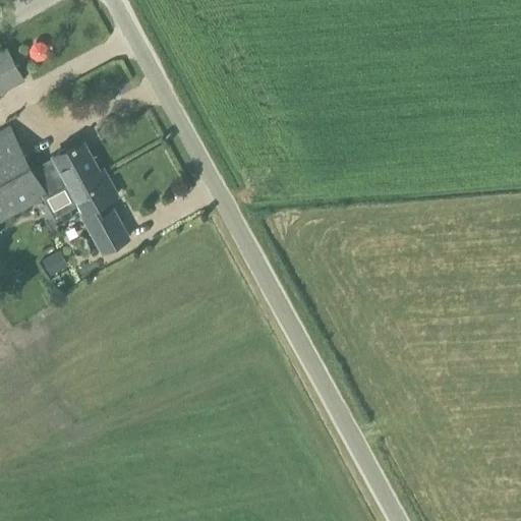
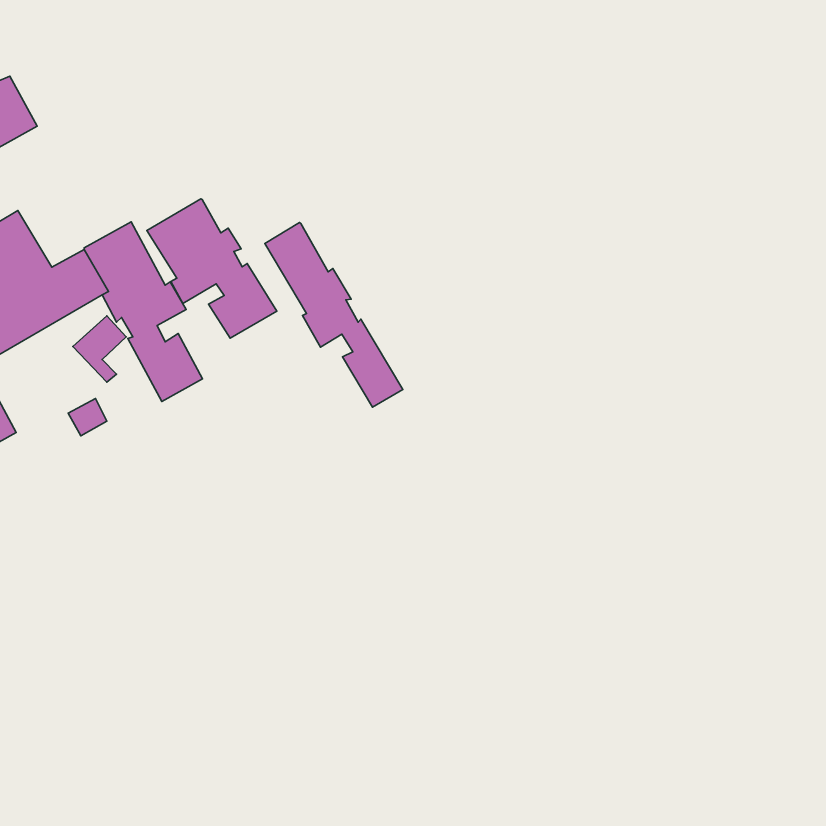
building: none -> [147,199,277,338]
building: none -> [265,223,403,407]

